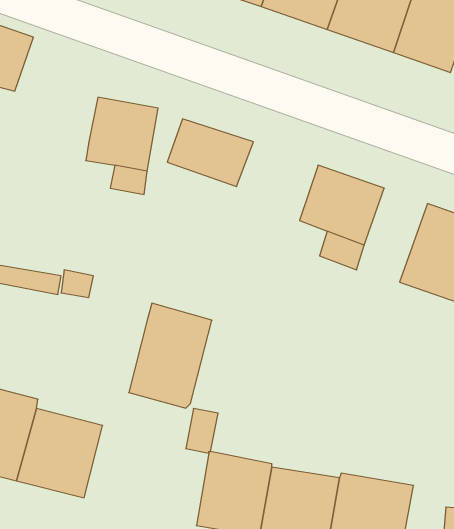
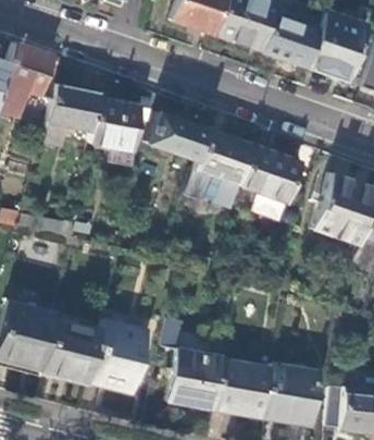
building: none -> [41,84,100,146]
building: none -> [186,130,254,208]
building: [129,303,212,408] -> [89,318,148,392]

